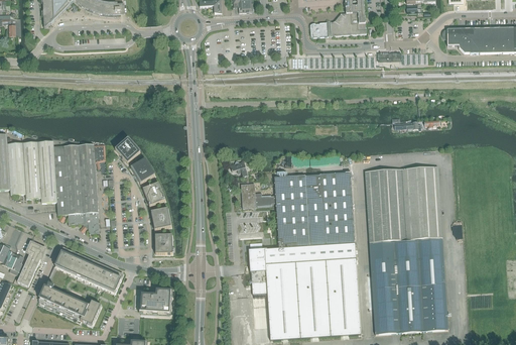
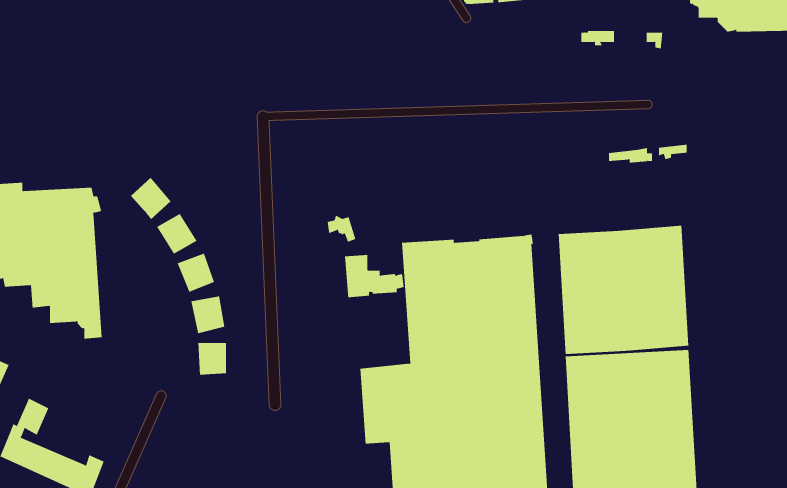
building: [55,248,122,293] -> none
building: [139,289,171,314] -> none

